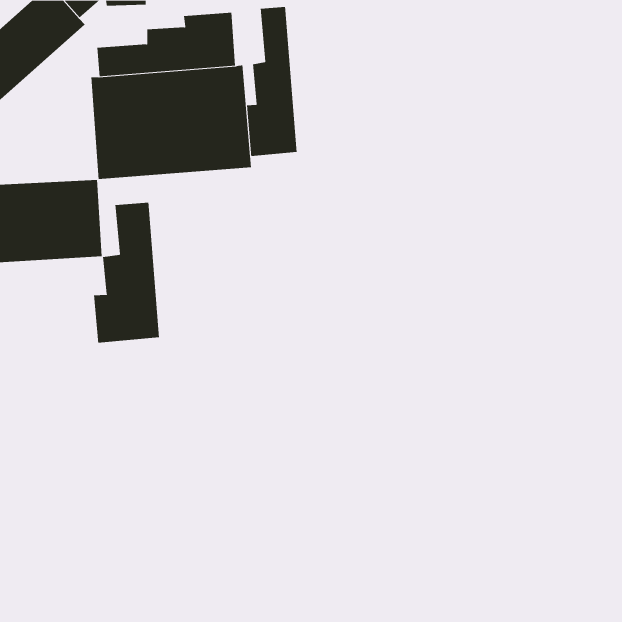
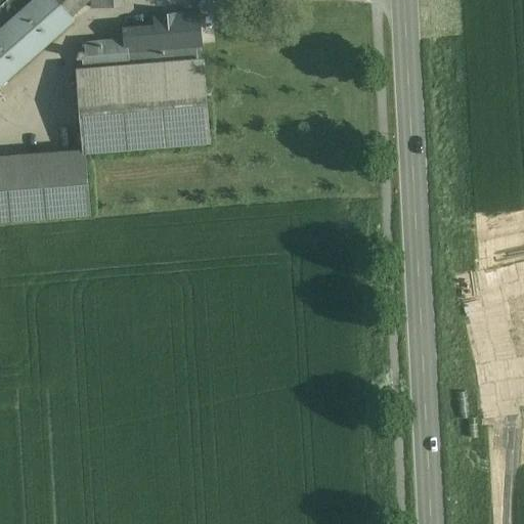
building: [247,6,297,157] -> none
building: [94,202,160,343] -> none

